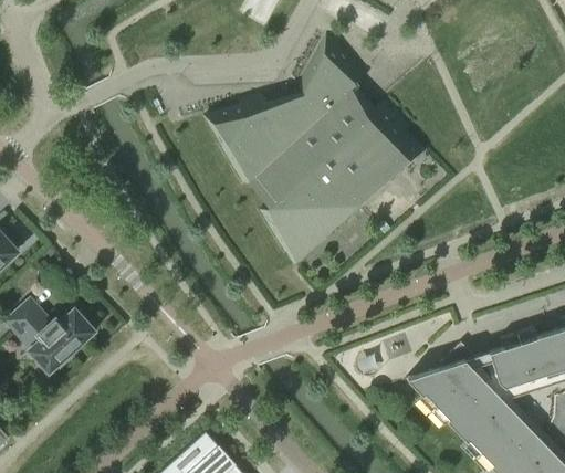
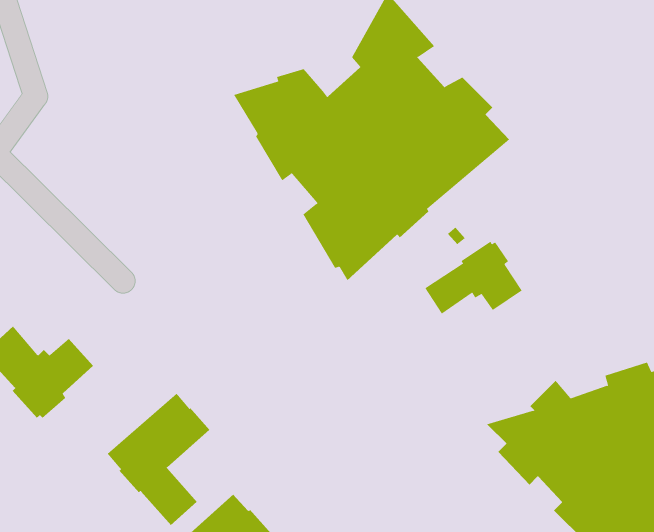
building: none -> [424,241,523,314]
building: none -> [107,393,210,526]

